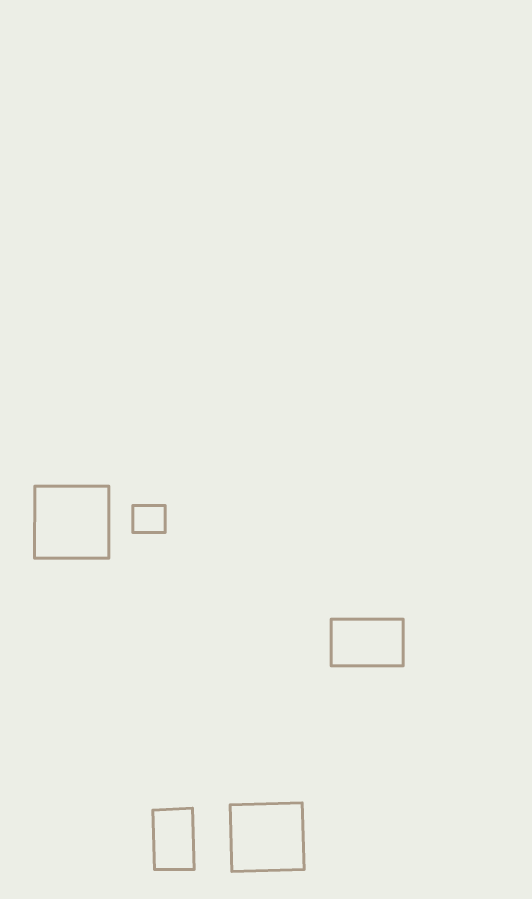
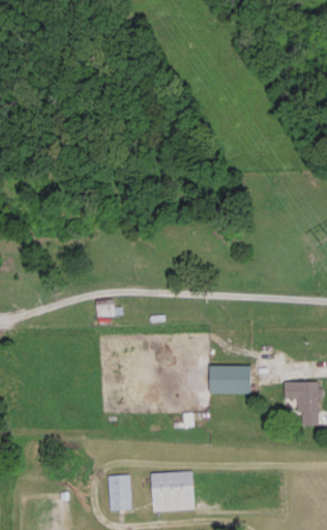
building: [35,486,109,558] -> none
building: none -> [285,382,321,425]

